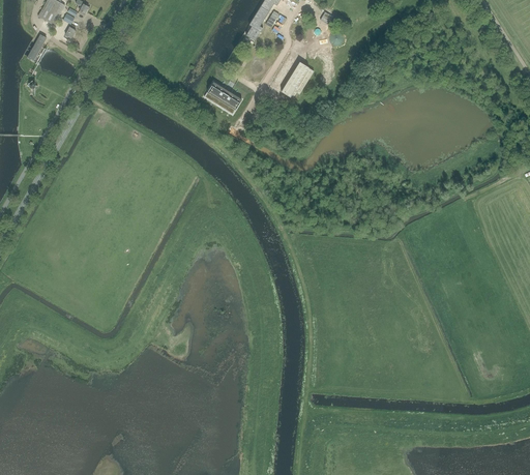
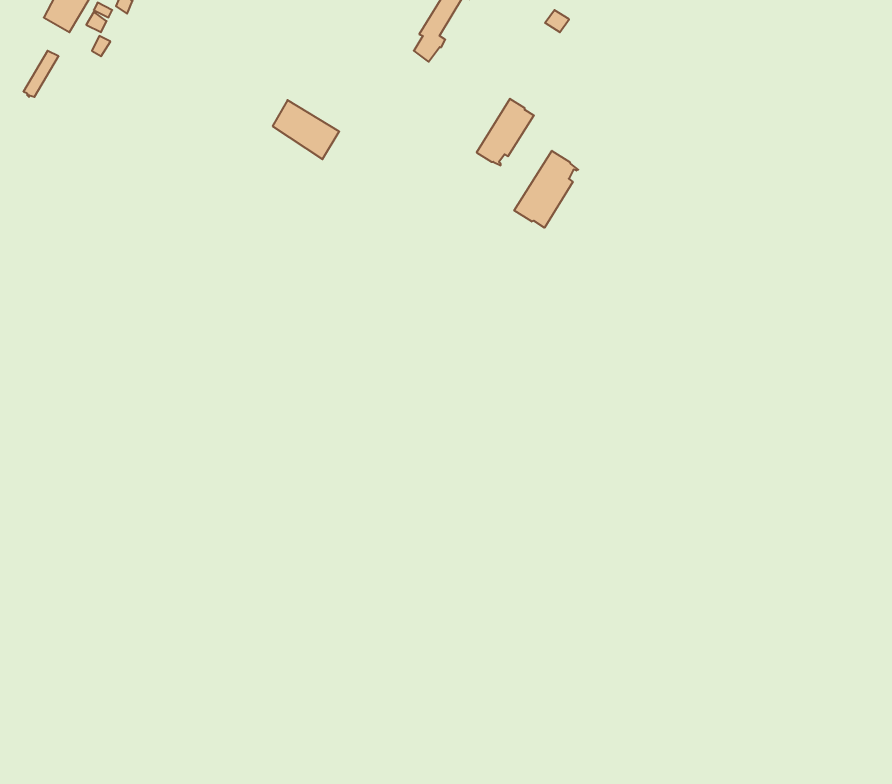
building: [204,82,241,115] -> [273,100,339,159]
building: none -> [514,151,578,228]

